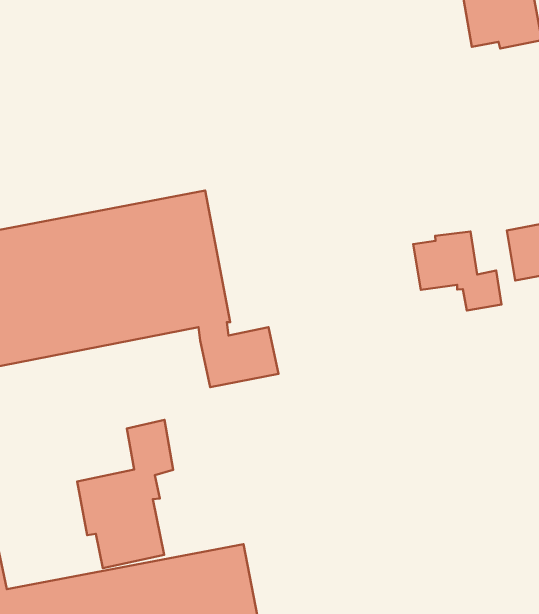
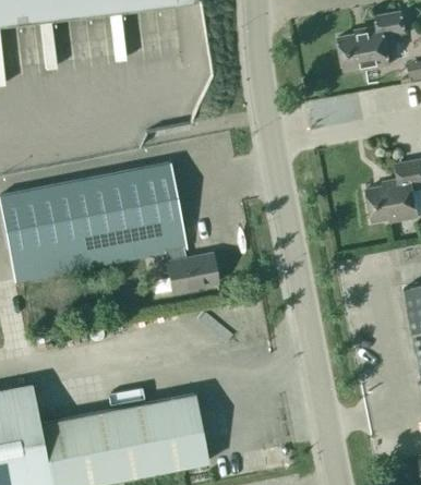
building: [413,231,501,310] -> none
building: [77,420,173,568] -> none

